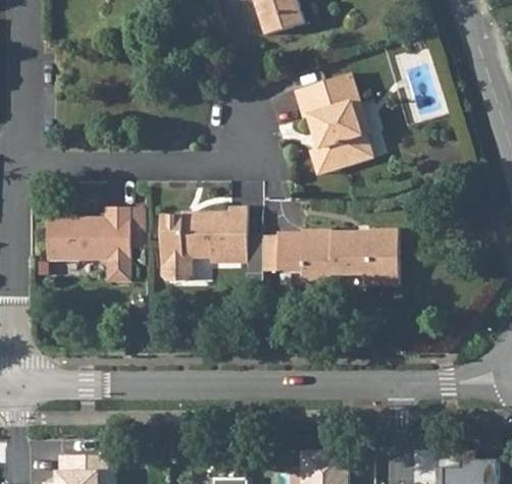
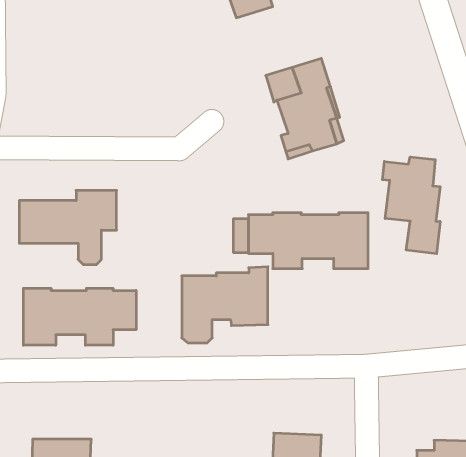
building: none -> [382,157,440,254]
building: [160,206,247,282] -> [182,267,268,343]
building: none -> [23,288,136,345]

